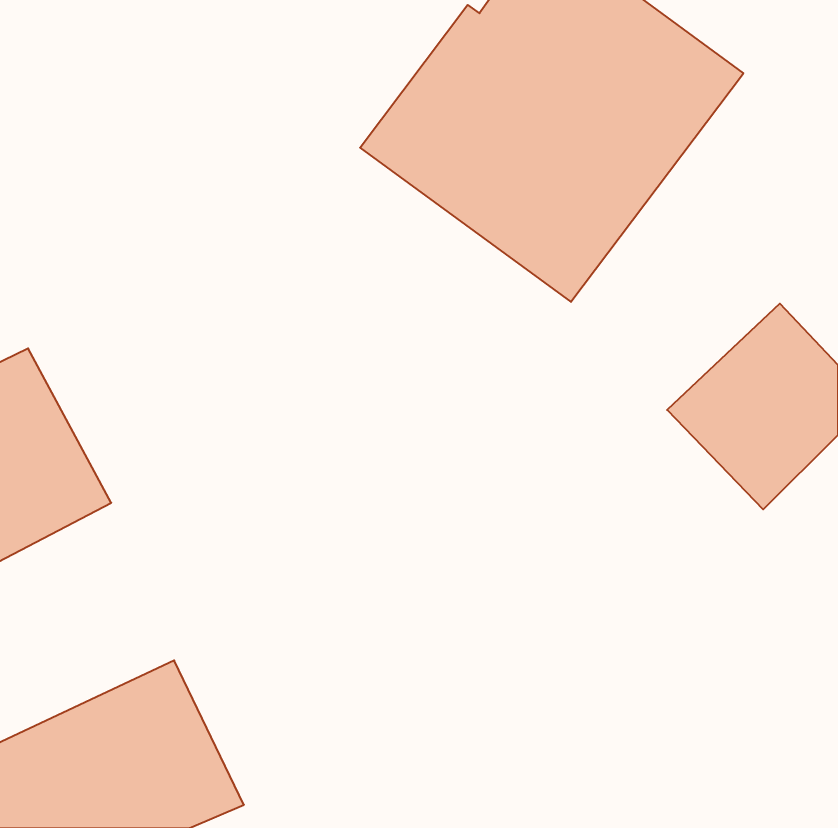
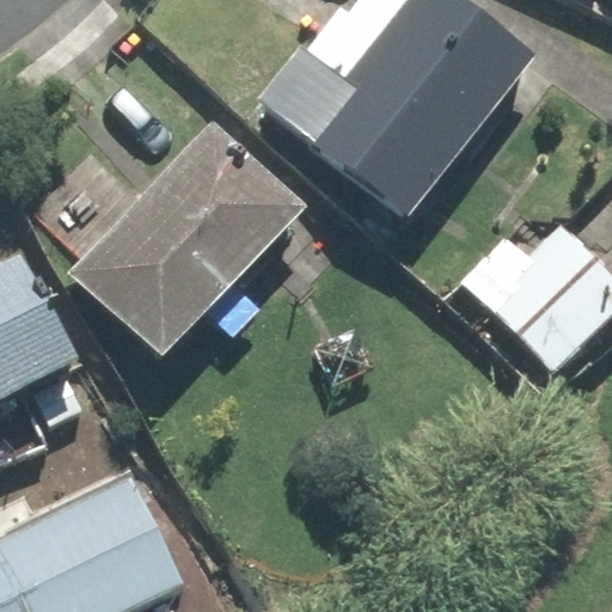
building: none -> [68,121,306,361]

